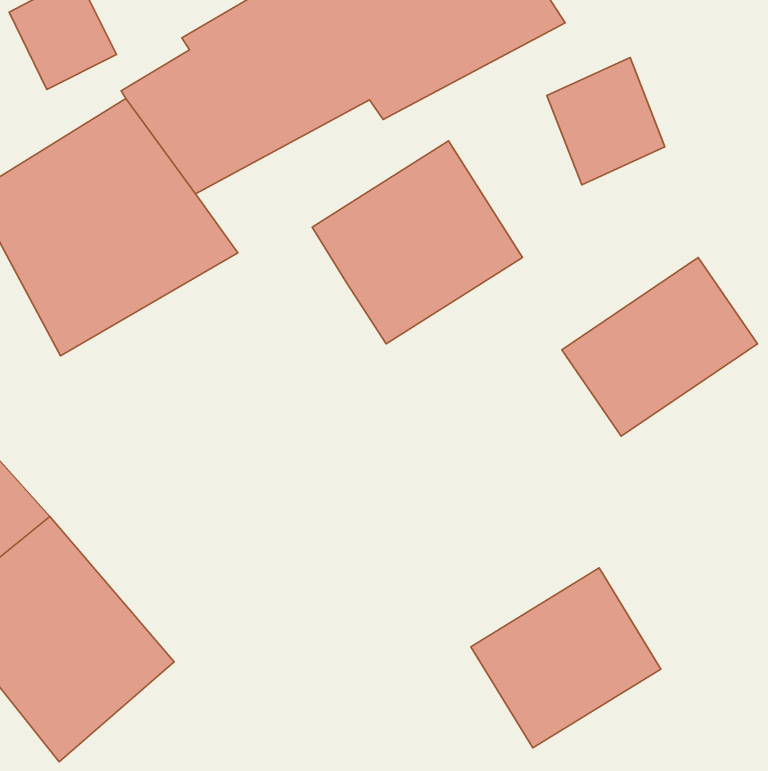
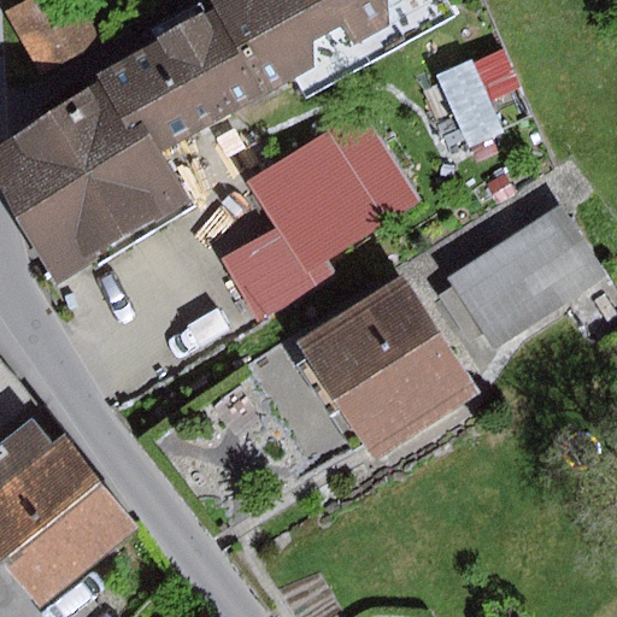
building: none -> [218,225,313,319]
building: none -> [298,277,475,460]
building: [471,568,661,748] -> none

